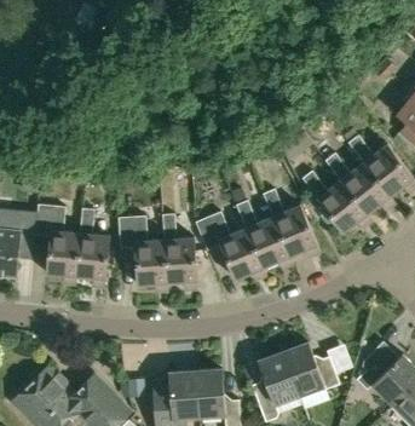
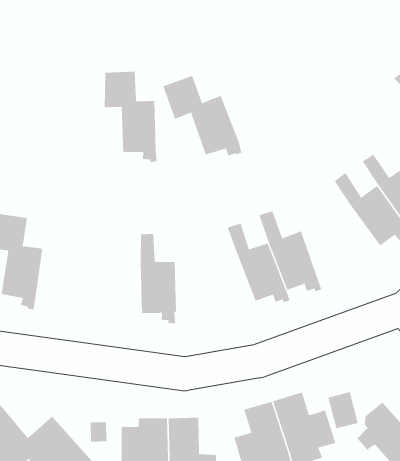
building: [302,169,373,231] -> none
building: [76,207,110,287] -> none
building: [195,211,266,278] -> [162,75,242,156]
building: [119,214,168,292] -> [104,71,157,163]

